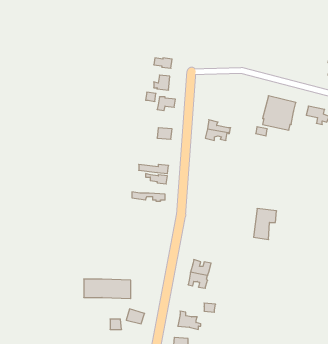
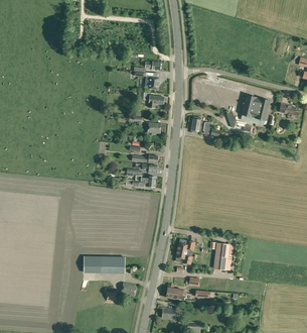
building: [254,209,277,240] -> [213,243,234,270]

